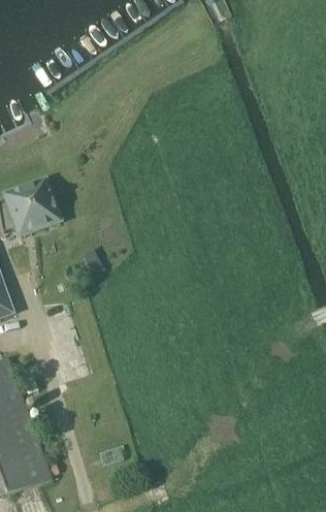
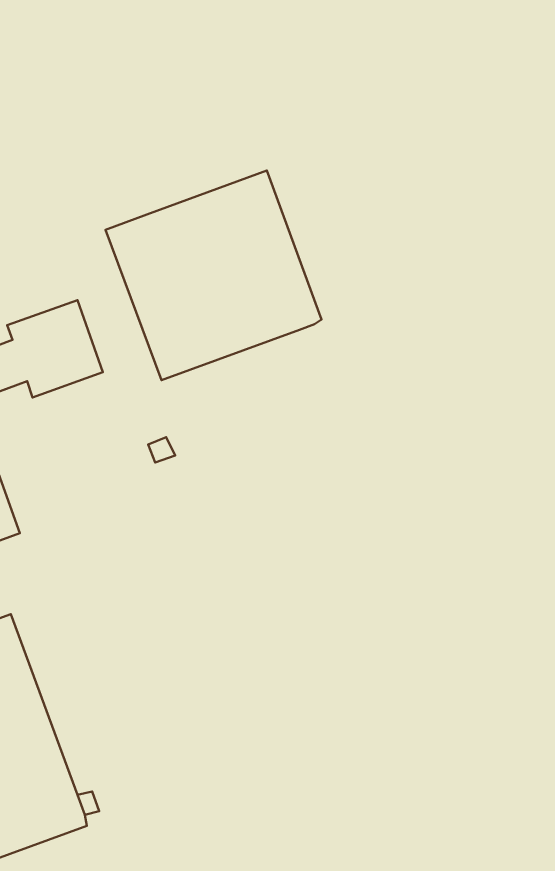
building: none -> [106,171,322,380]

